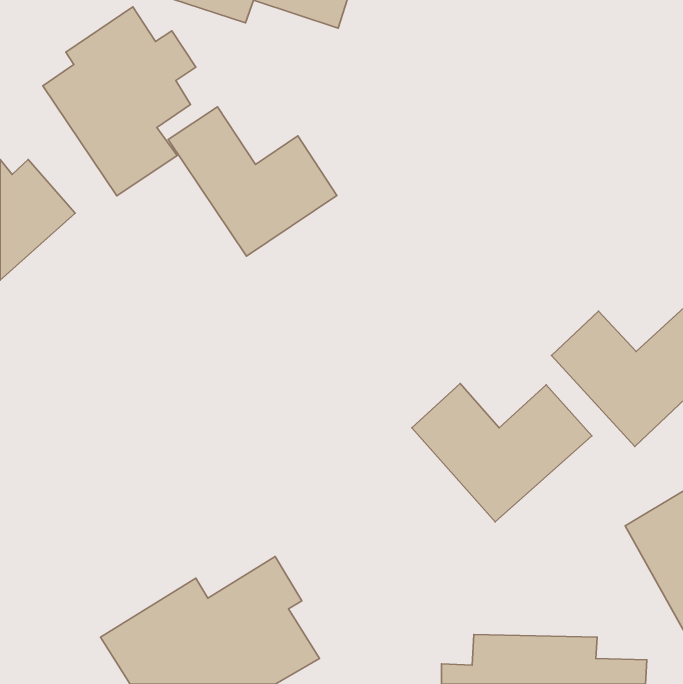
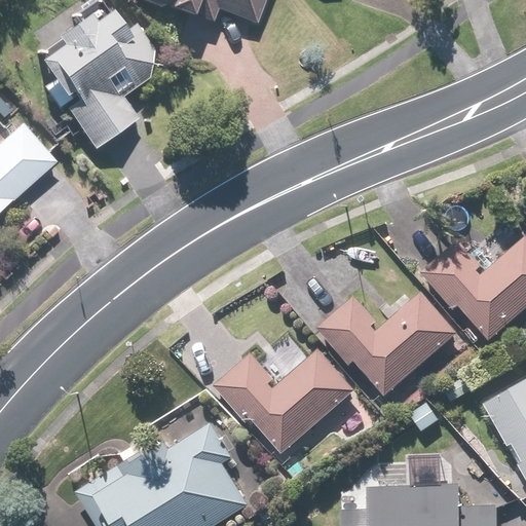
building: [168,107,337,256] -> none
building: none -> [214,347,359,458]

